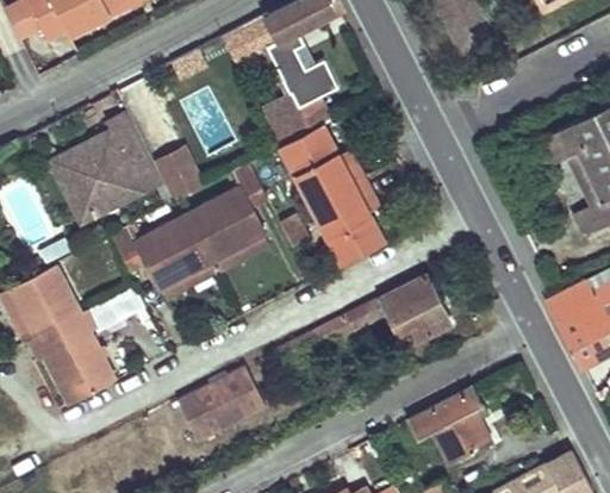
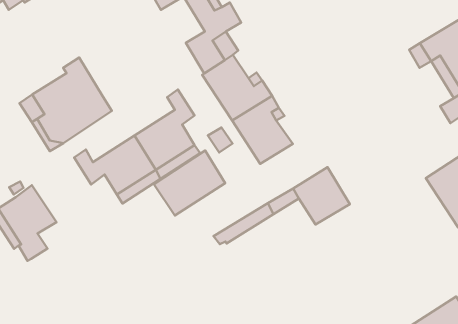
building: [155,146,206,201] -> none
building: [46,310,117,405] -> none
building: [176,366,266,443] -> [154,151,225,215]
building: [406,385,491,463] -> none

